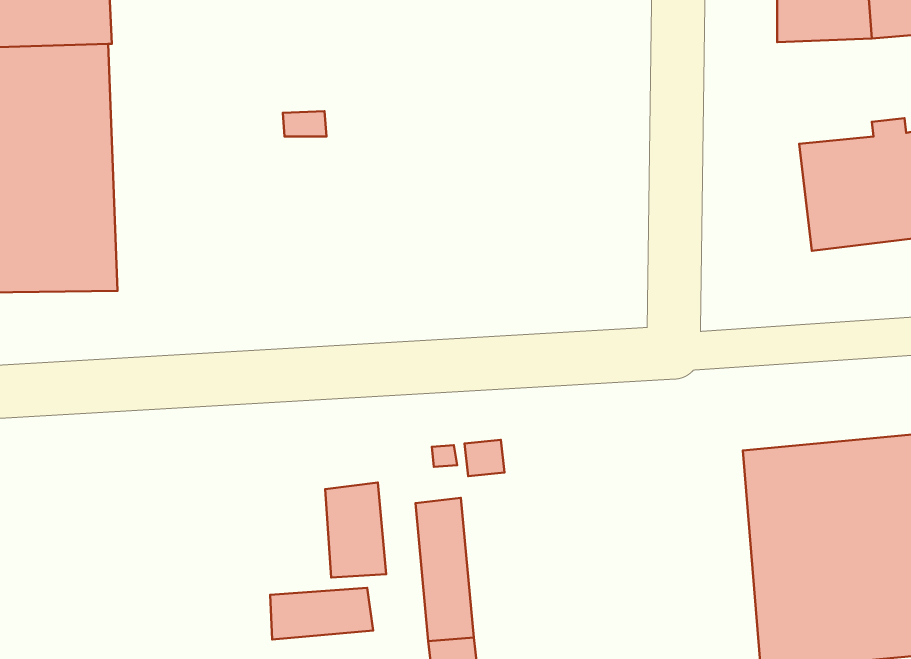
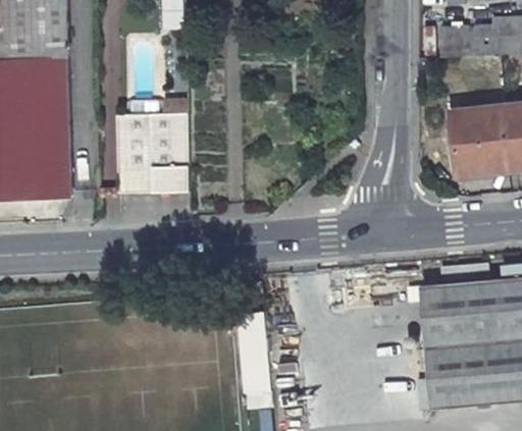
building: none -> [117,114,191,195]
building: [325,483,386,578] -> none
building: [270,588,373,640] -> none

